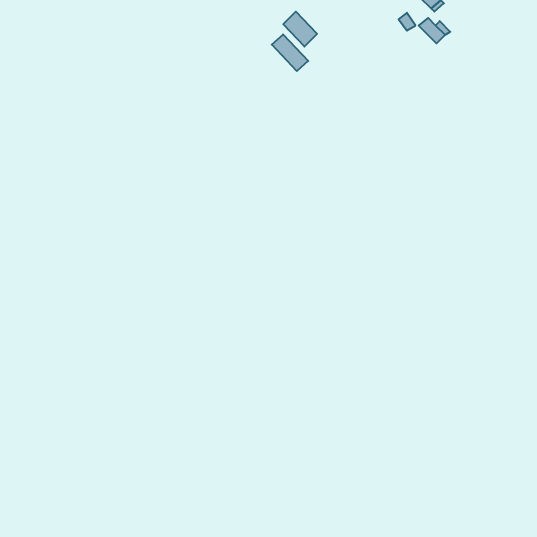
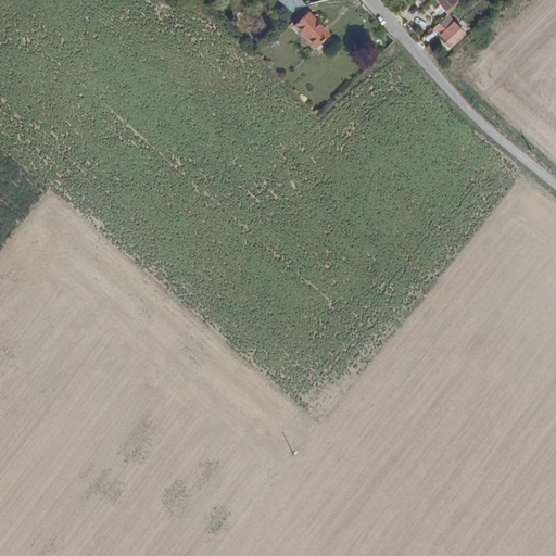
building: [272,34,308,71] -> none

